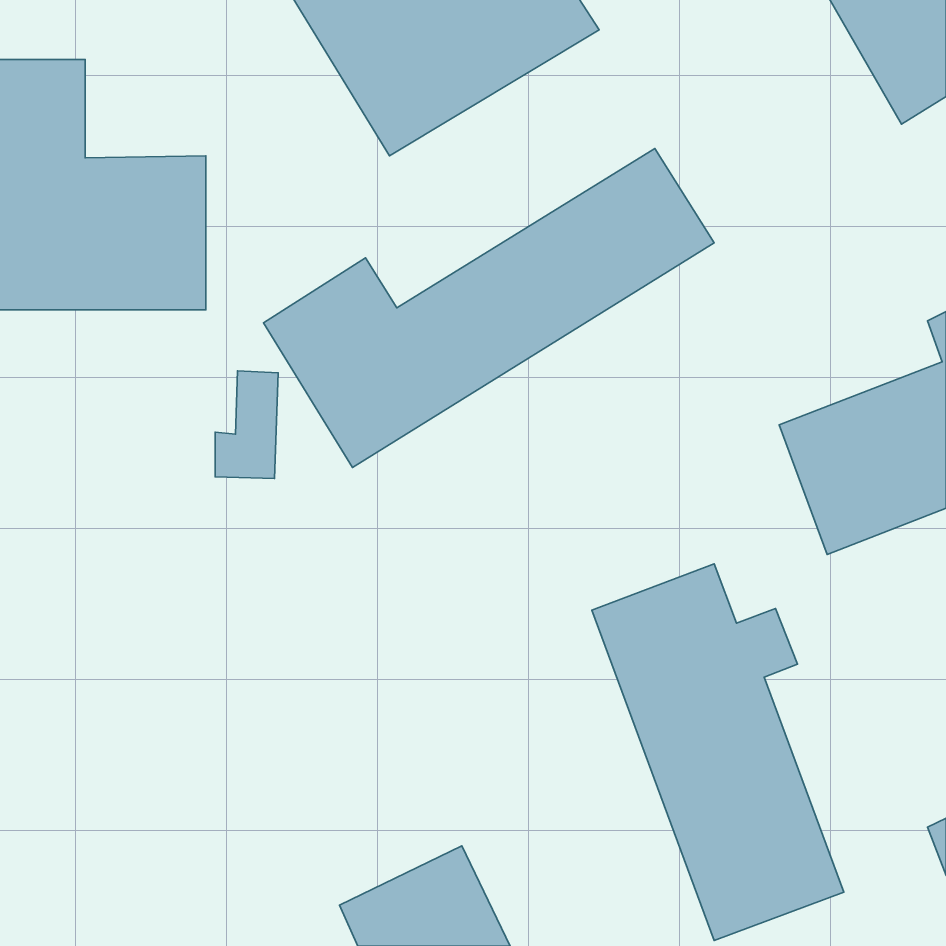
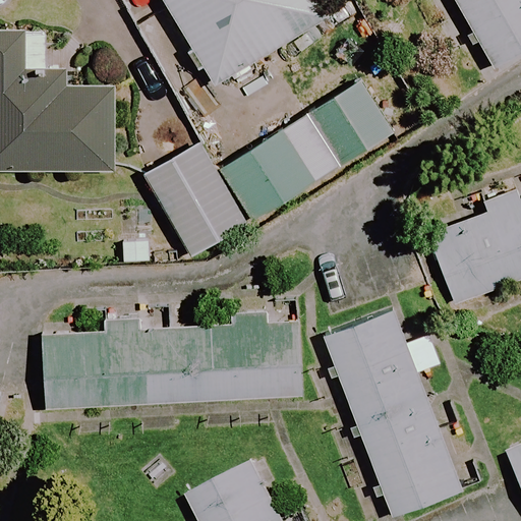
building: none -> [42,322,302,409]

